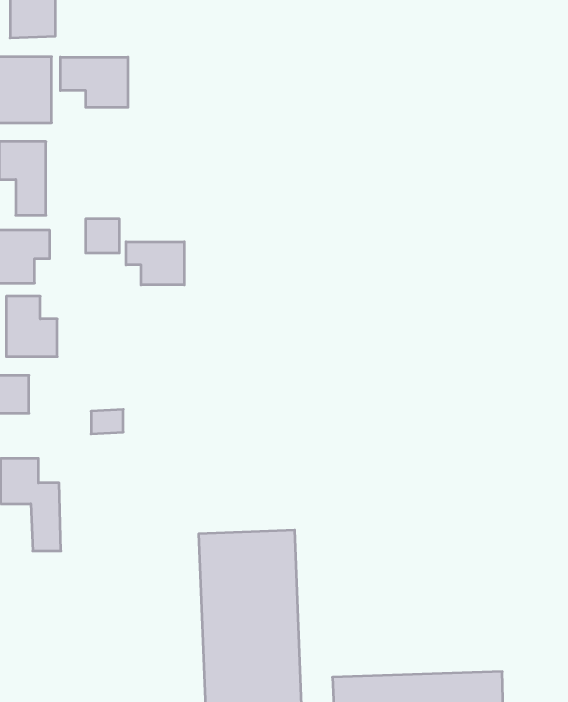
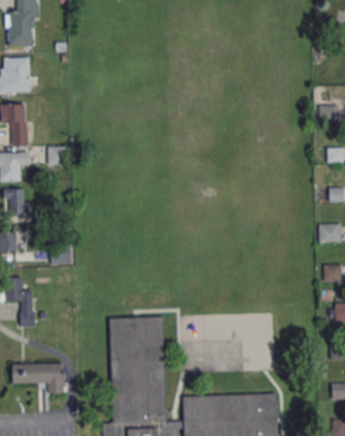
building: [60,57,128,107] -> none
building: [126,242,184,285] -> none
building: none -> [11,363,63,394]

